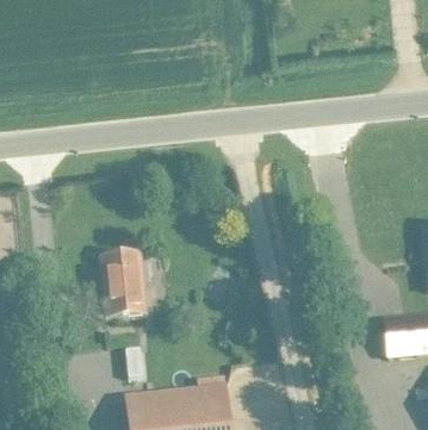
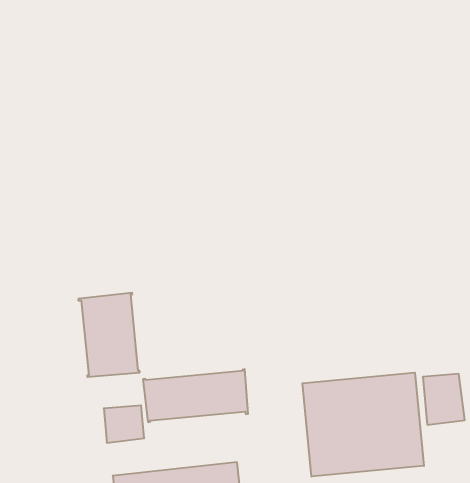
building: none -> [143,369,248,422]
building: none -> [302,373,424,477]

